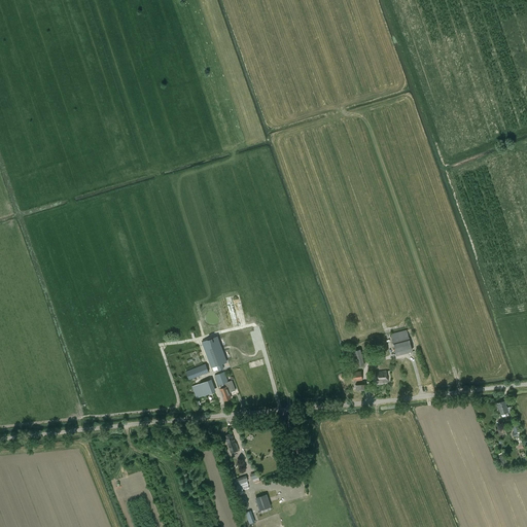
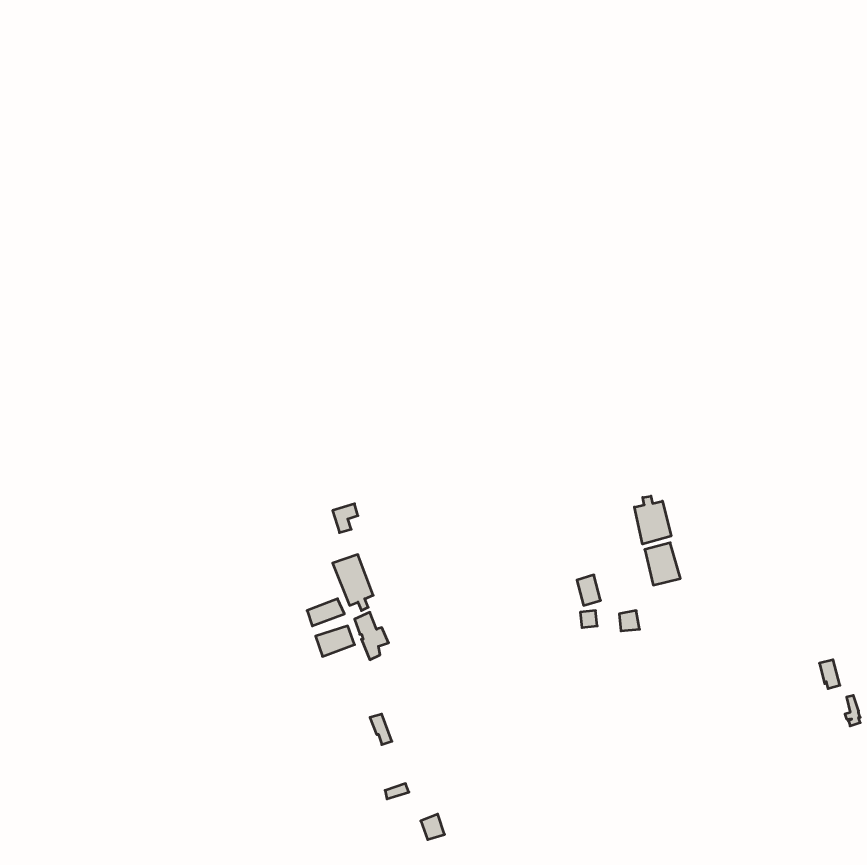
building: none -> [634,496,671,544]

